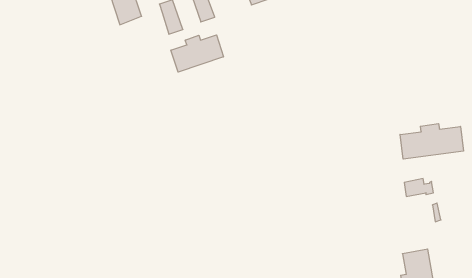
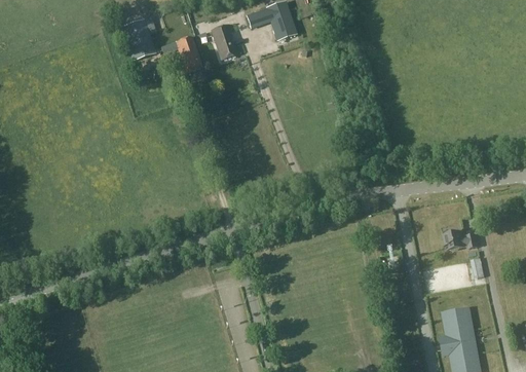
building: [171,35,223,72] -> none
building: [400,124,463,159] -> none

